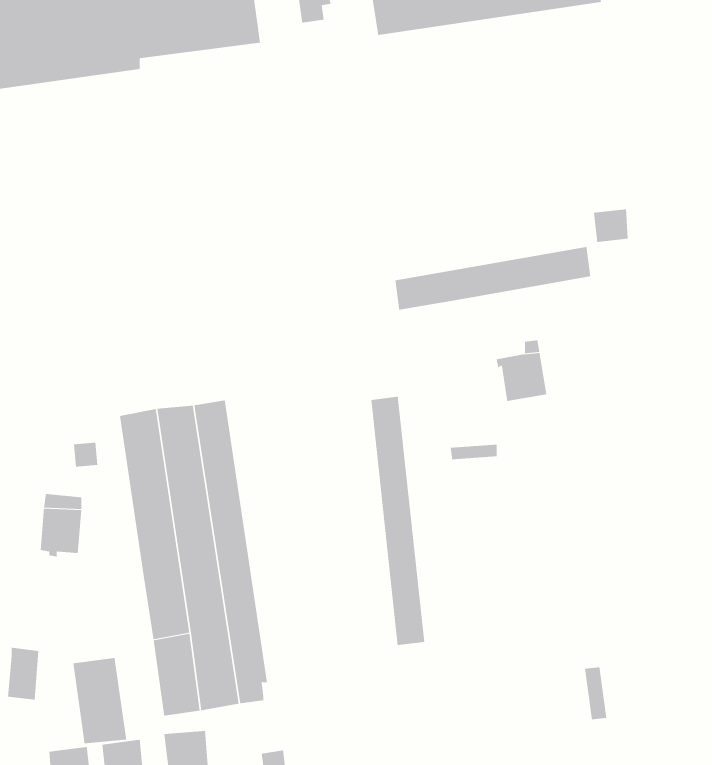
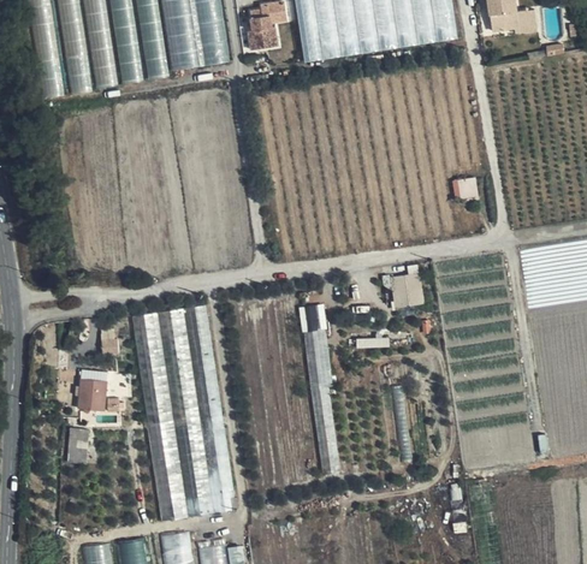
building: [395,246,591,310] -> none
building: [7,647,39,700] -> [66,428,88,464]
building: [73,657,127,744] -> none

